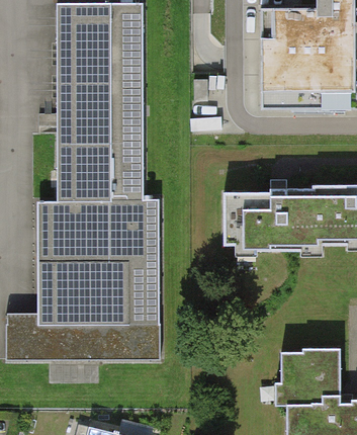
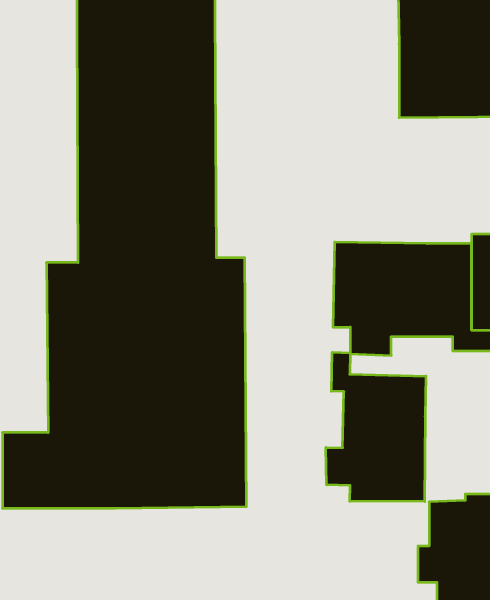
building: none -> [326,352,426,502]

